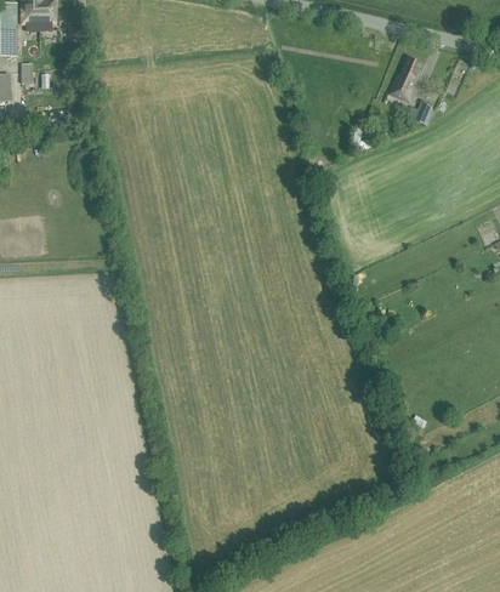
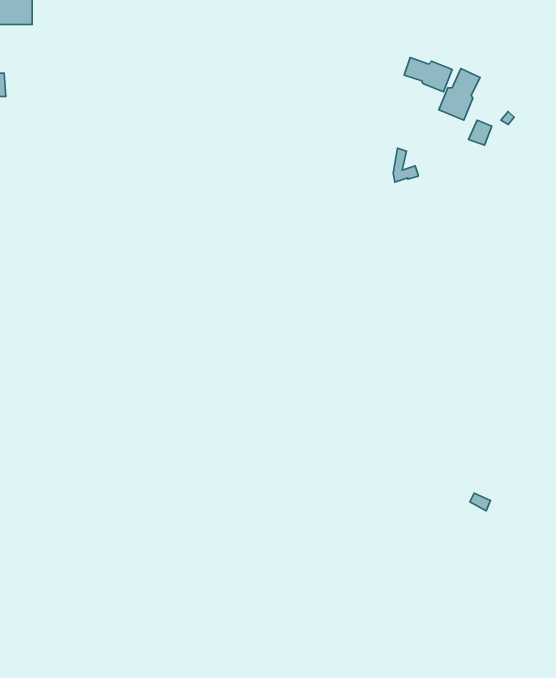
building: none -> [404,58,452,92]

